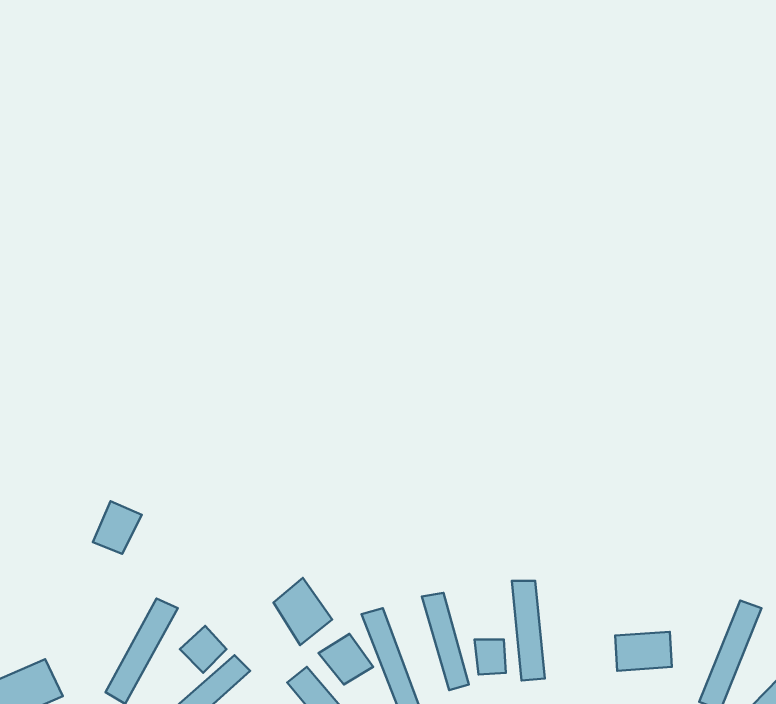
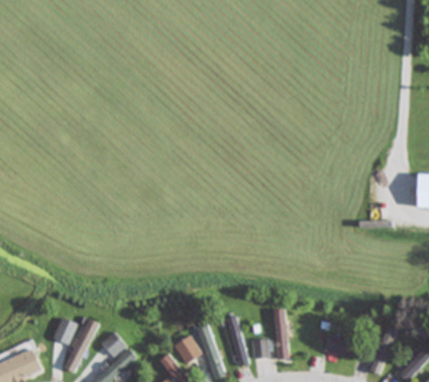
building: [93,501,142,554] -> [53,317,79,345]
building: [274,578,332,645] -> none

